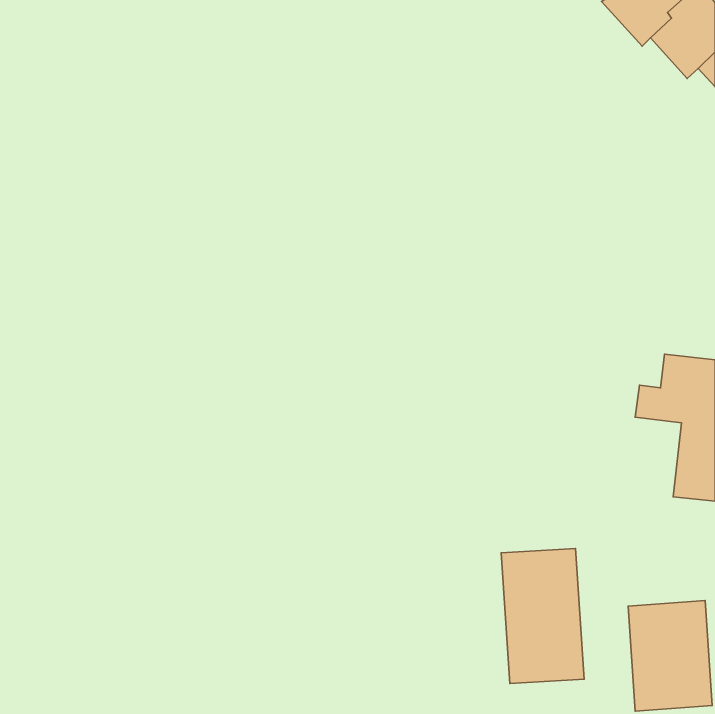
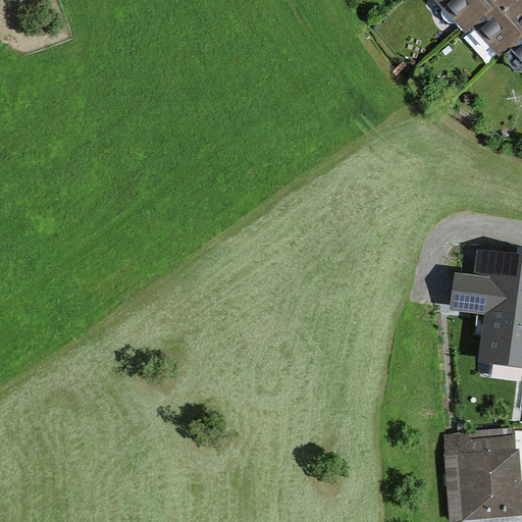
building: [501,549,584,683] -> none

